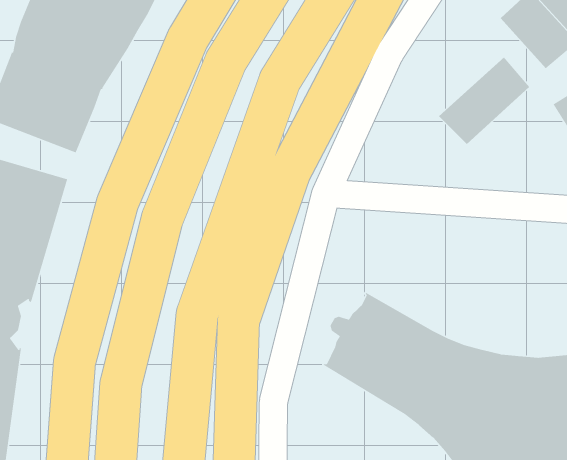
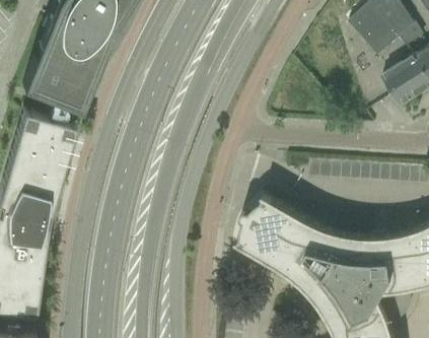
building: [438,57,530,145] -> none

